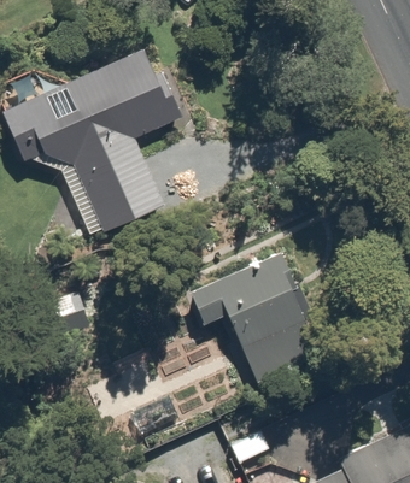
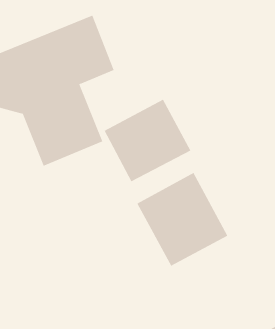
building: none -> [104,99,191,182]

